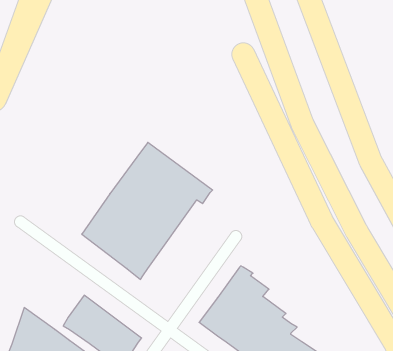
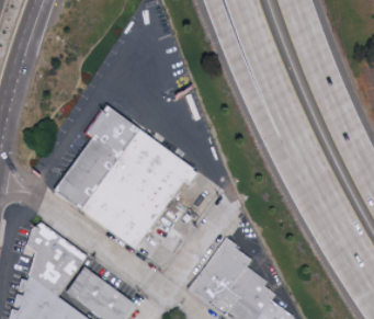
building: none -> [55,105,141,210]
building: none -> [26,226,88,296]

